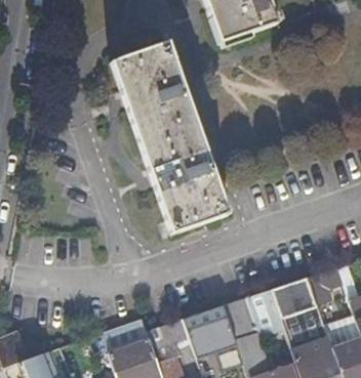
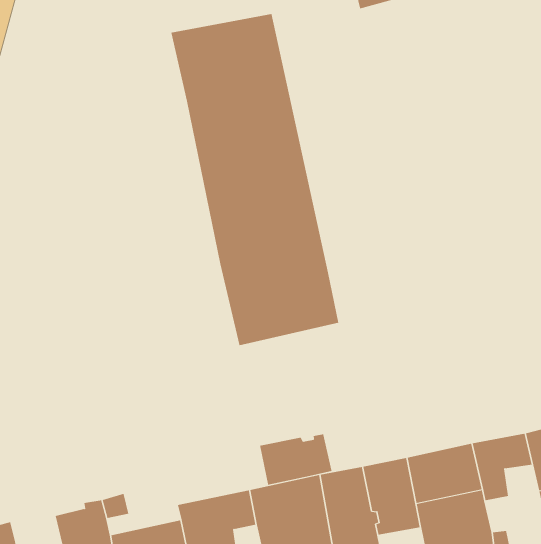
building: none -> [260,433,332,486]

